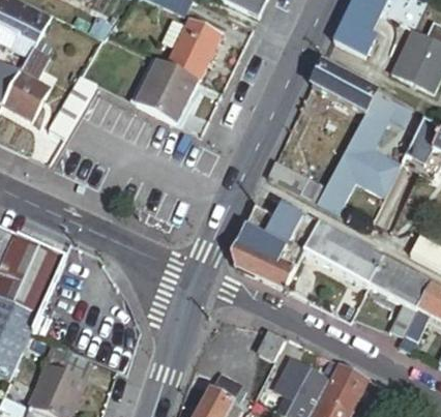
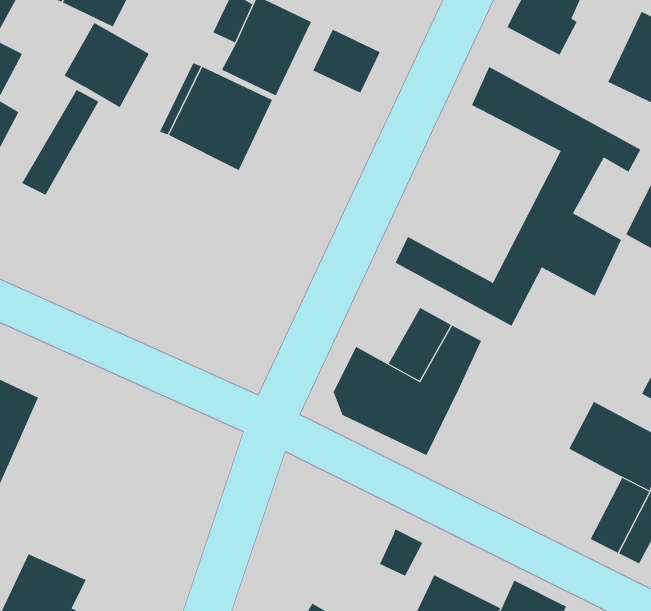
building: none -> [64,22,149,108]
building: none -> [312,29,381,94]
building: [305,222,384,287] -> none

